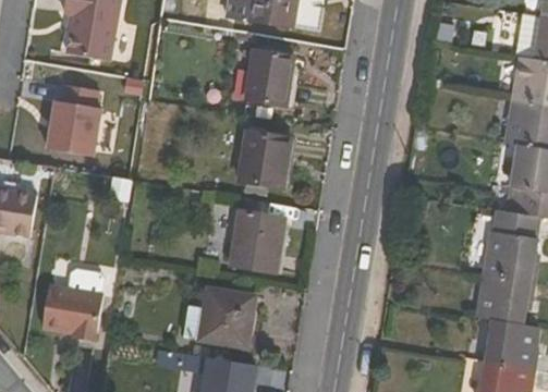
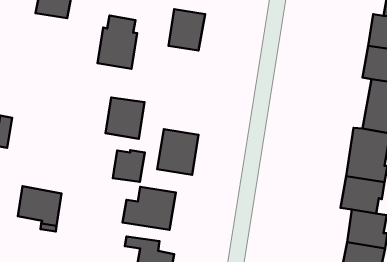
building: [47,83,100,155] -> [97,15,137,69]
building: [239,130,291,185] -> [106,97,145,139]
building: none -> [113,150,145,182]

